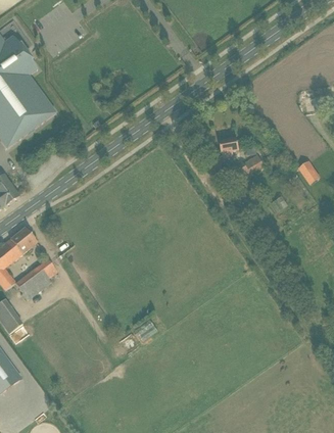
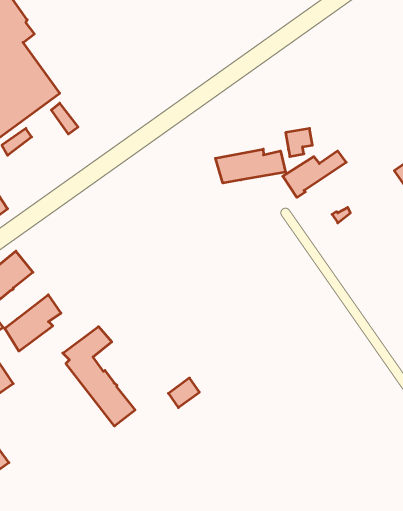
building: none -> [215,149,286,183]
building: none -> [63,327,135,426]

